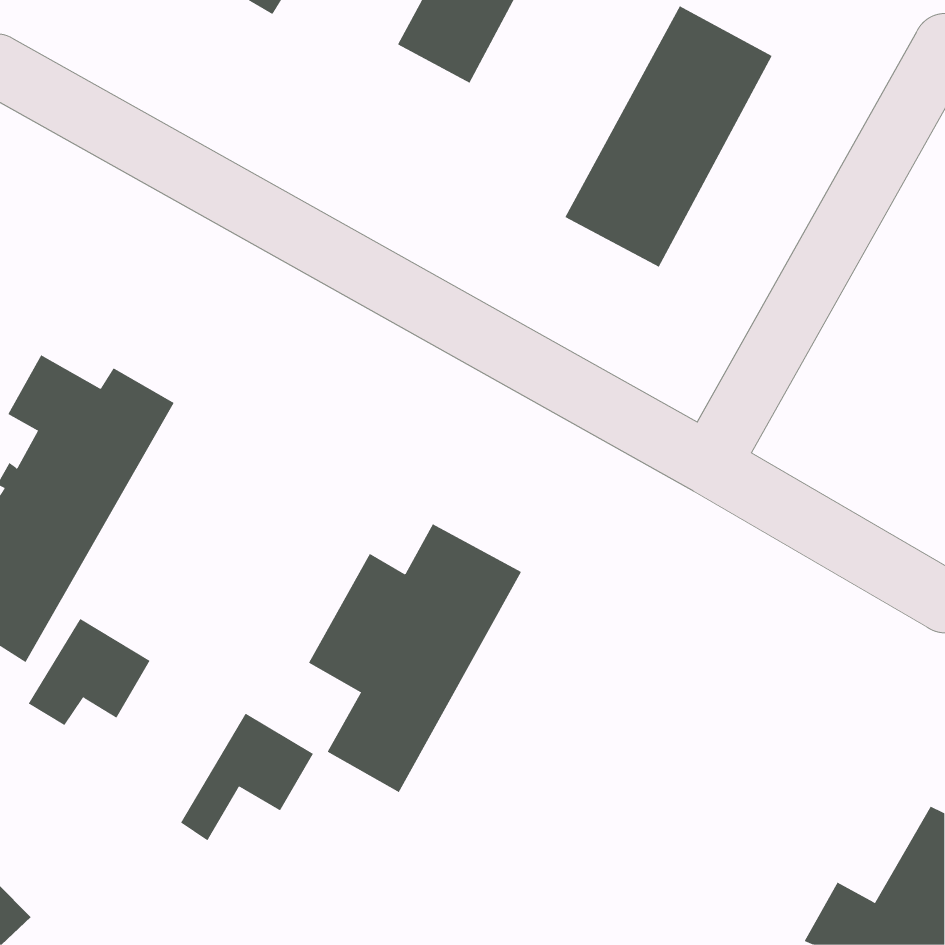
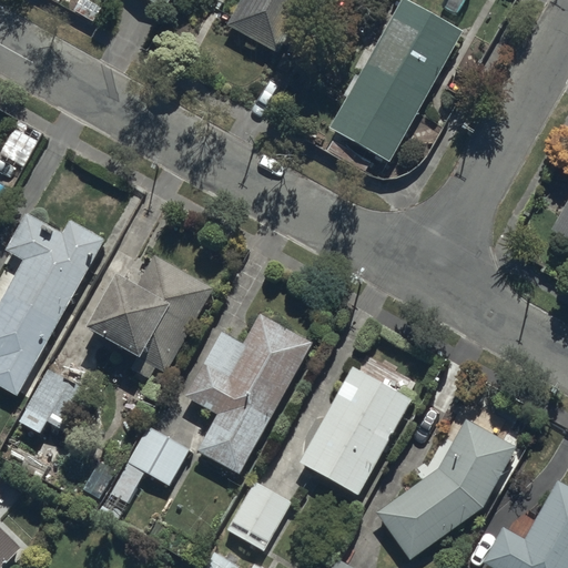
building: none -> [87,254,212,381]
building: none -> [298,367,410,495]
building: none -> [374,419,516,560]
building: none -> [225,481,288,554]

